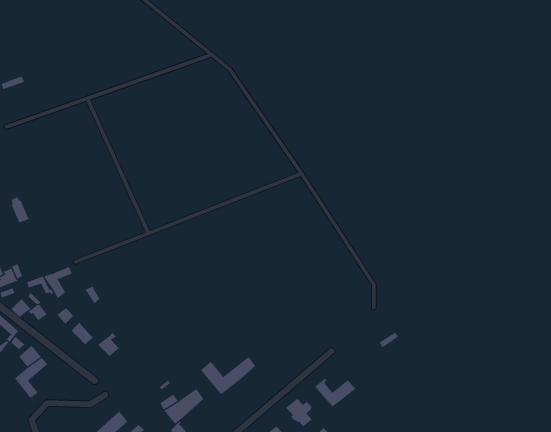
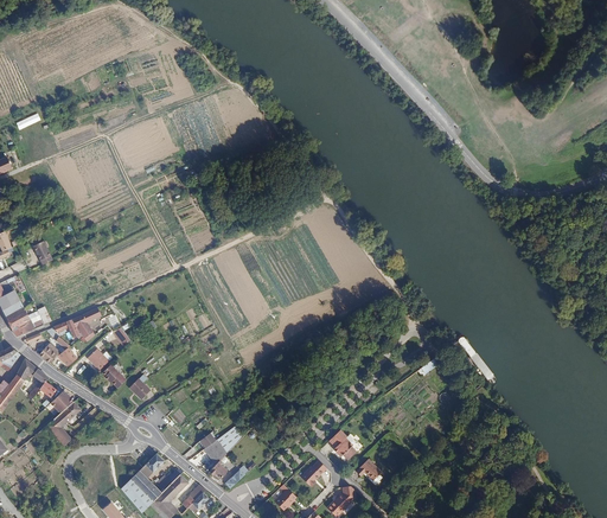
building: [200,356,256,395] -> none
building: [314,378,356,408] -> none

